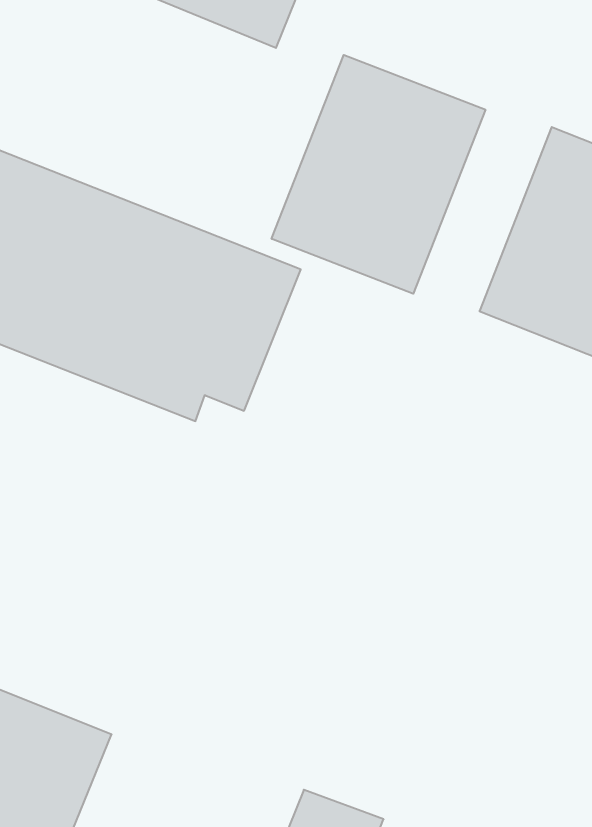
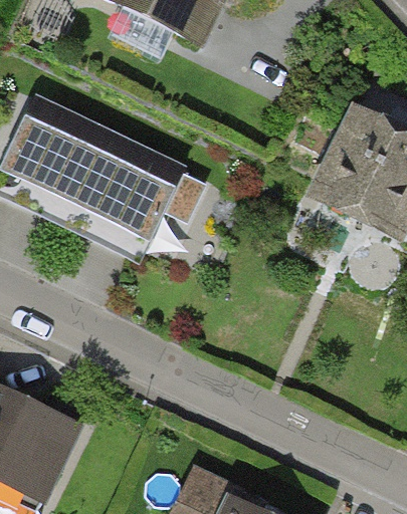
building: [272,55,485,294] -> none

